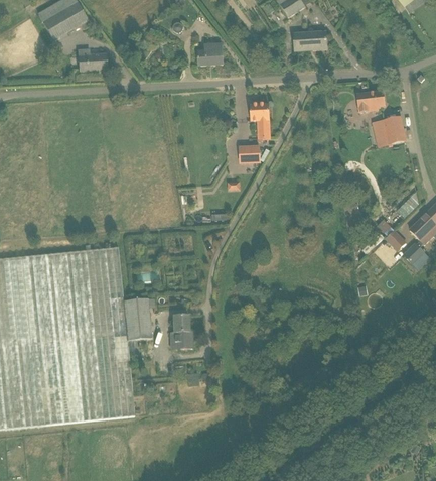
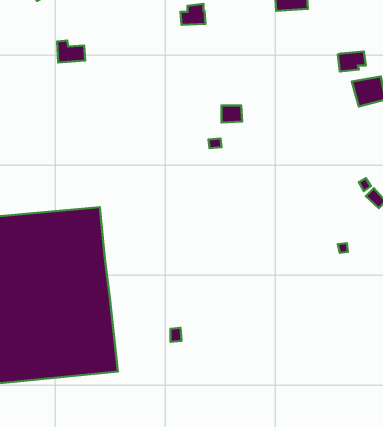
building: [79,47,107,70] -> [57,41,85,62]
building: [251,103,270,137] -> none
building: [122,297,151,340] -> none
building: [170,315,192,348] -> none

